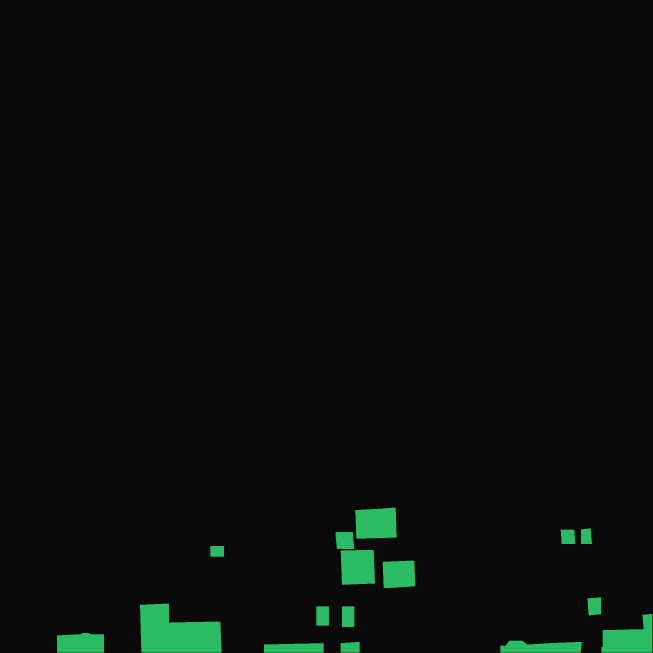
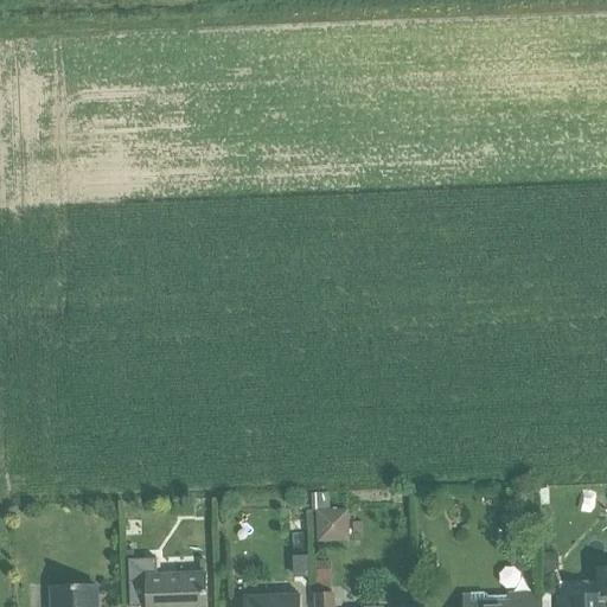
building: [355,507,397,539] -> none
building: [382,560,416,589] -> none

